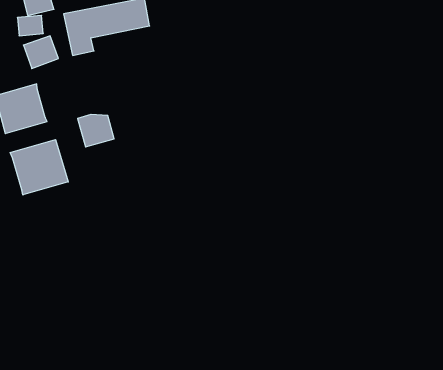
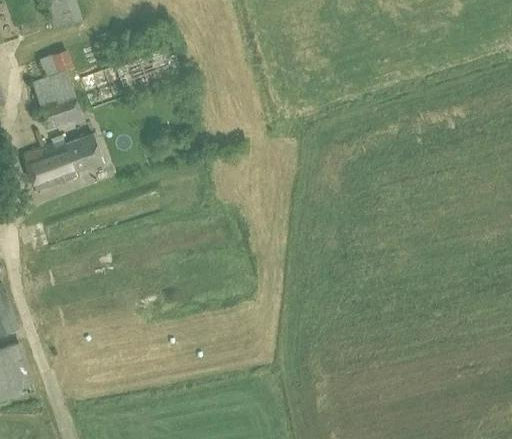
building: [78,114,114,147] -> [61,143,99,176]
building: [10,140,68,195] -> none

